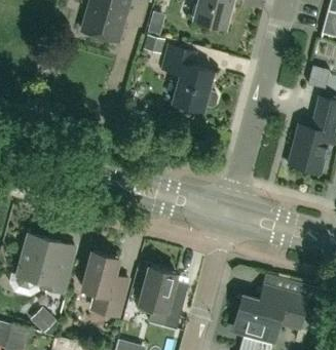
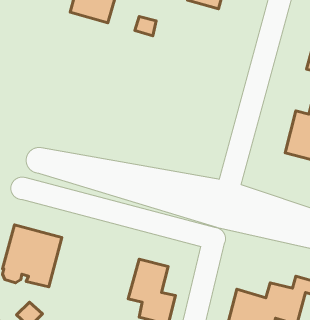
building: [163,45,219,110] -> none
building: [83,250,126,316] -> none

